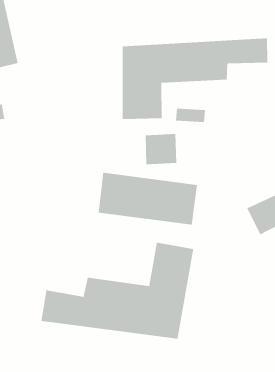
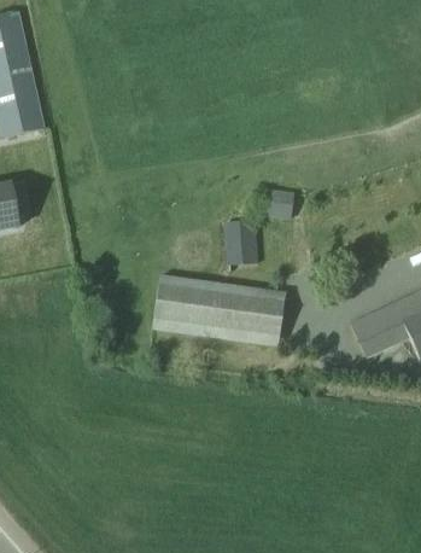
building: [122,37,268,120] -> none
building: [41,242,194,340] -> none

